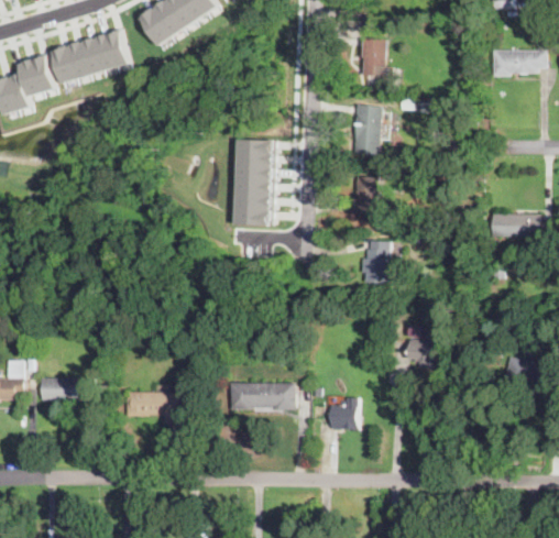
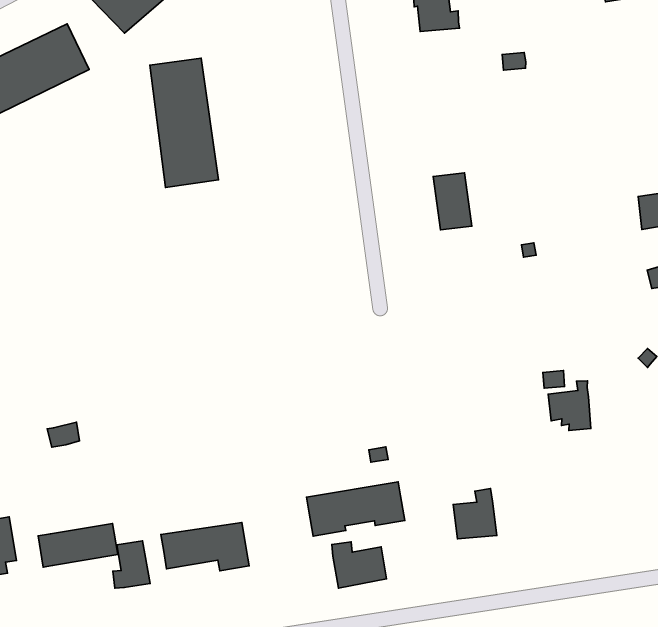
building: [353,106,381,154] -> none
building: [234,138,274,224] -> [150,58,219,187]
building: [362,241,388,284] -> none
building: none -> [113,541,150,588]
building: none -> [332,542,387,588]

